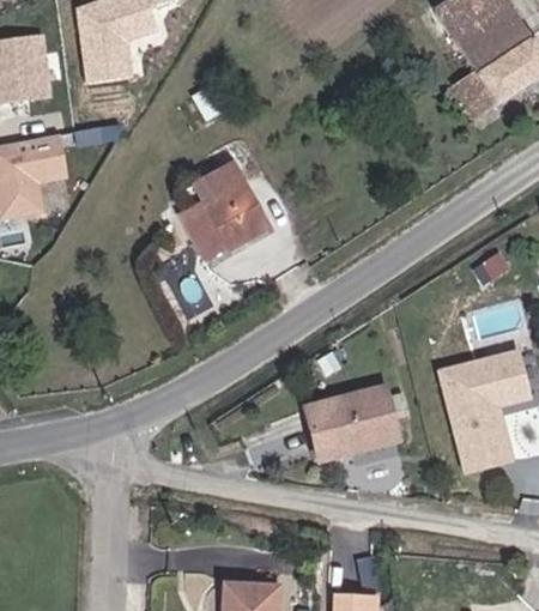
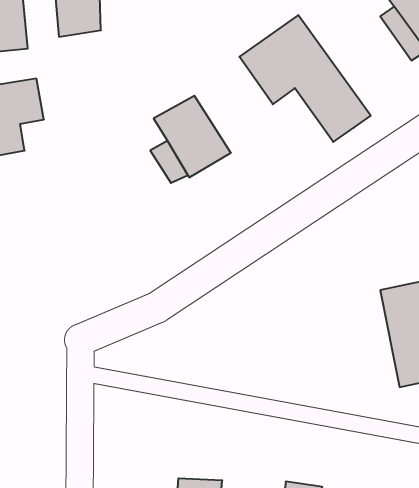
building: none -> [239,15,371,142]
building: [304,389,398,462] -> none

